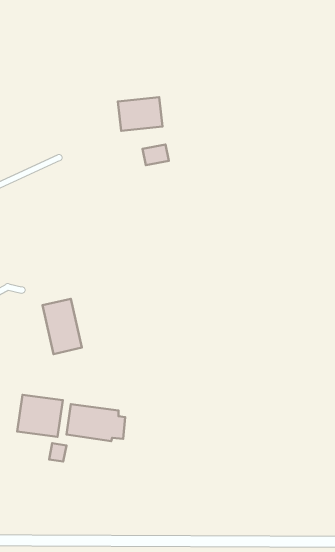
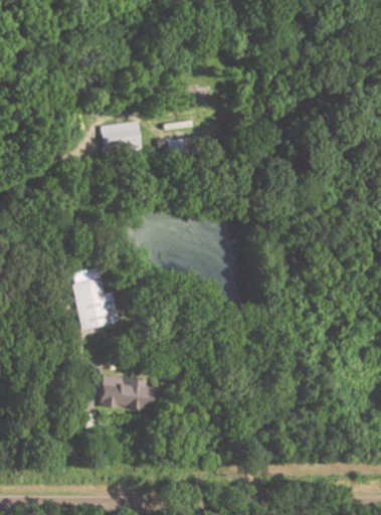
building: [118,97,163,131] -> [99,122,140,153]
building: [17,395,63,437] -> none

